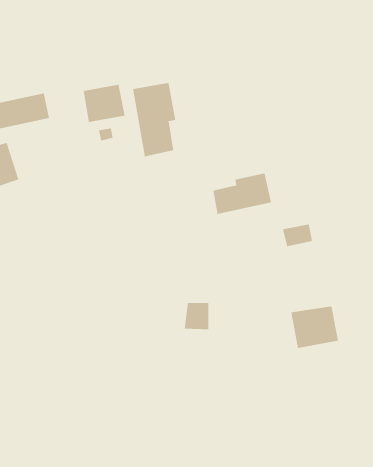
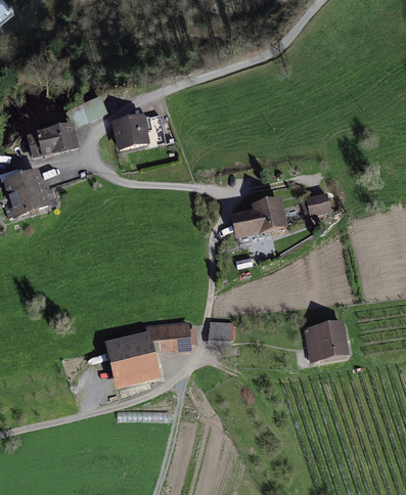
building: [132,82,176,157] -> none
building: [282,224,313,247] -> [302,195,330,217]
building: none -> [103,319,191,388]

